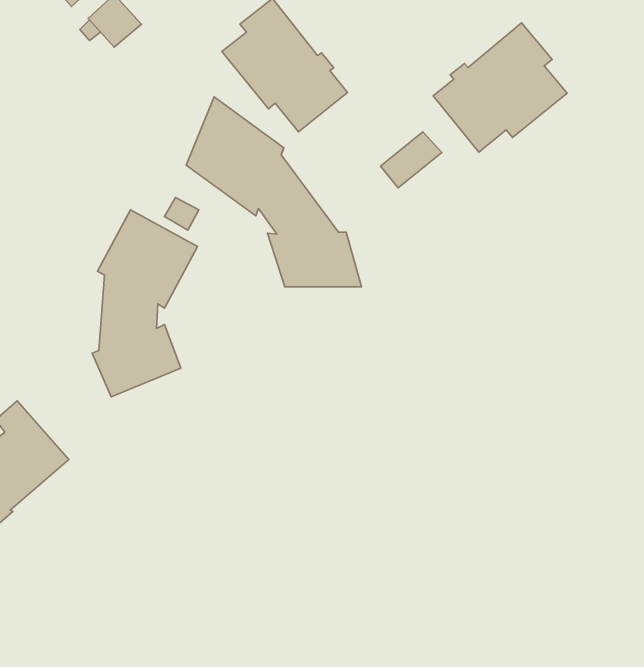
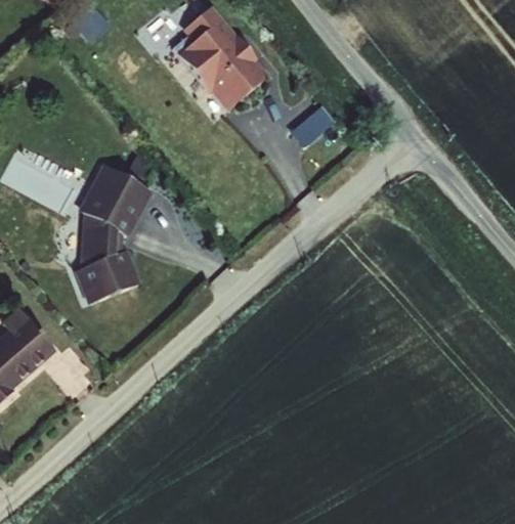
building: [433,23,567,152] -> none
building: [186,97,361,287] -> none

